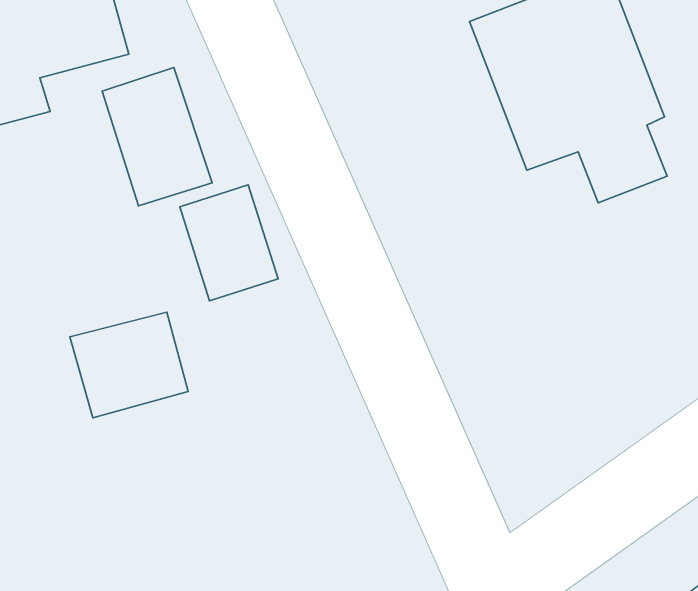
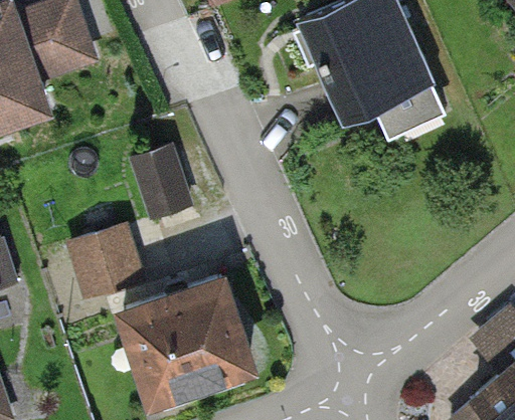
building: [102,68,212,206] -> none
building: none -> [117,276,261,402]

